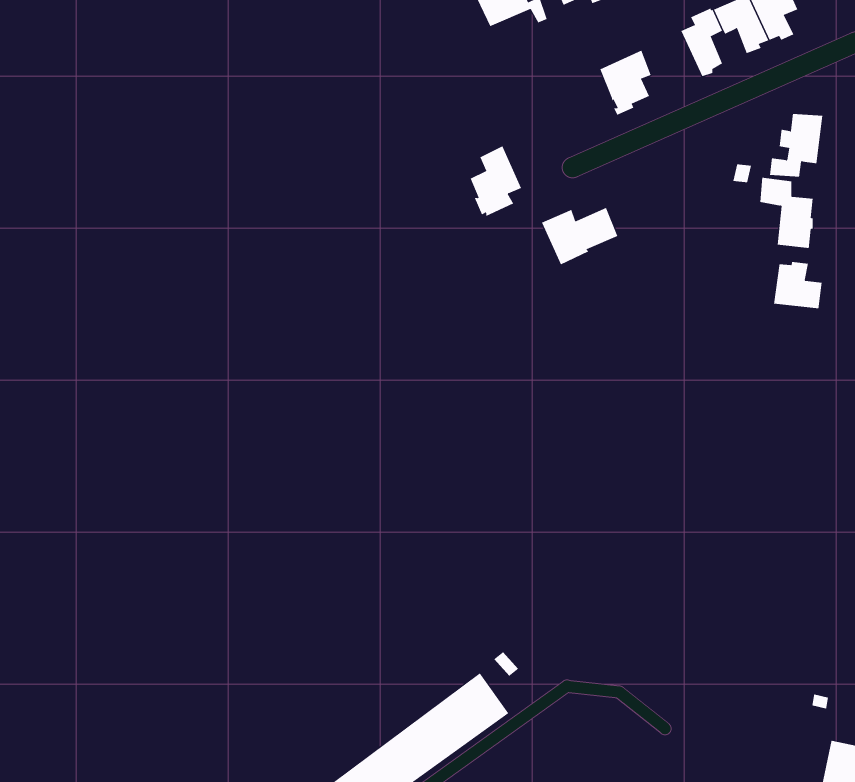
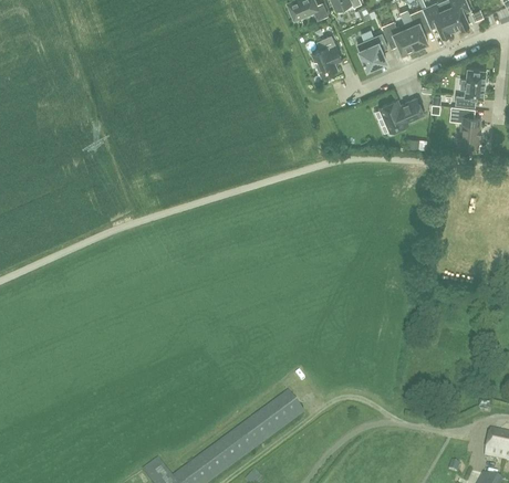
building: none -> [382,21,416,53]
building: [470,146,522,217] -> [312,35,342,76]
building: [541,207,618,265] -> [380,98,424,132]
building: [773,261,822,309] -> none

